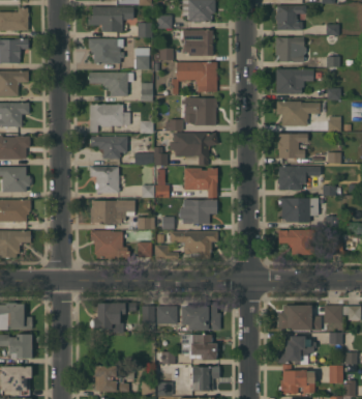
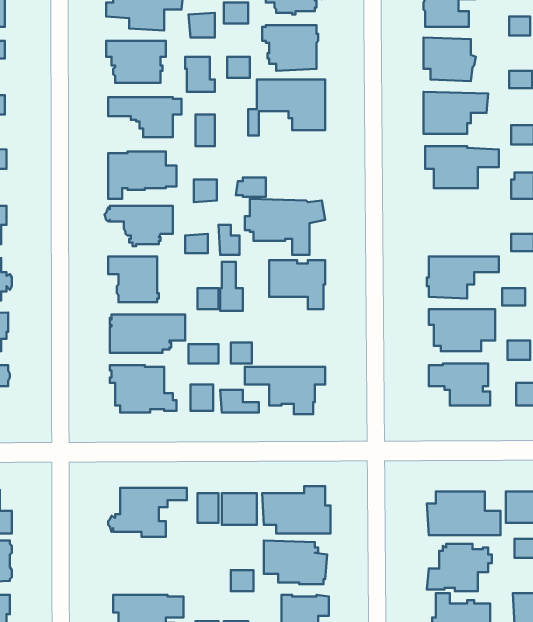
building: [184,97,217,125] -> none
building: [277,133,307,159] -> none
building: [178,199,218,224] -> none

